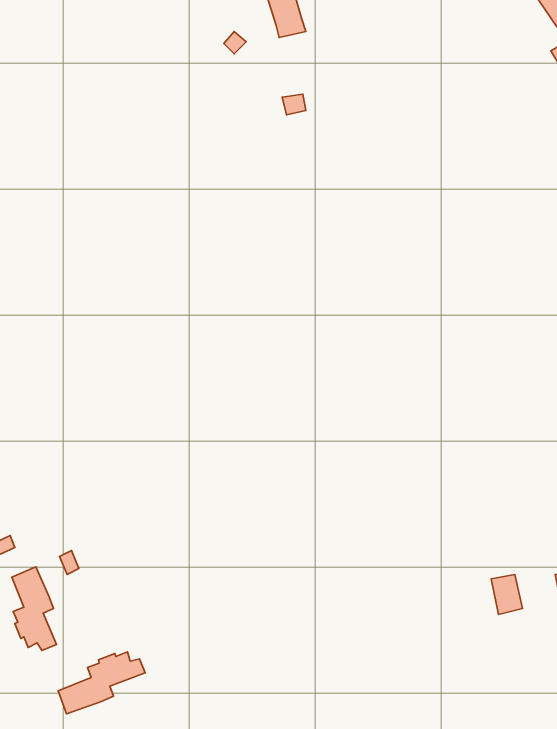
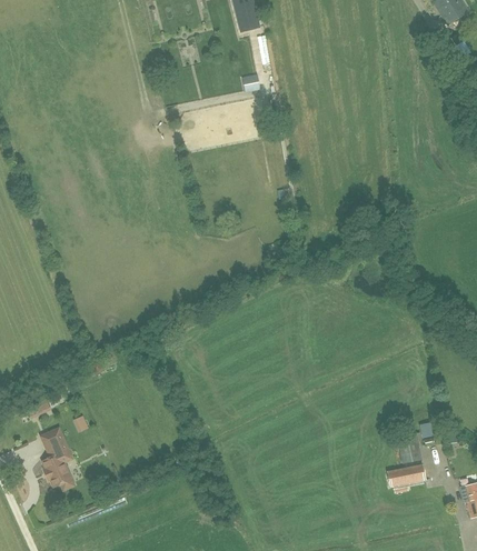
building: none -> [387,461,426,483]
building: [58,652,145,714] -> none

